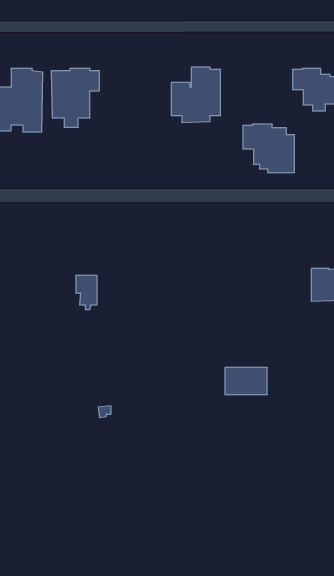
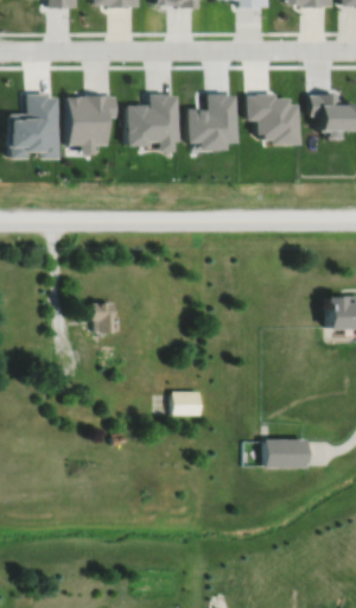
building: none -> [127,94,178,150]
building: [243,124,295,172] -> [247,94,299,142]
building: none -> [173,392,202,416]
building: [225,368,267,395] -> [266,441,309,468]

